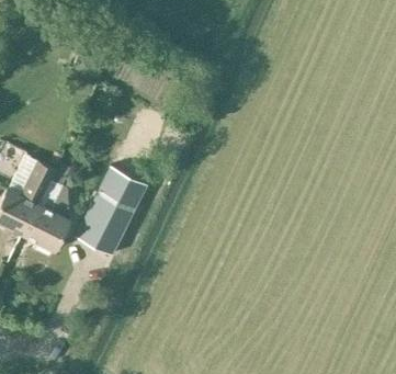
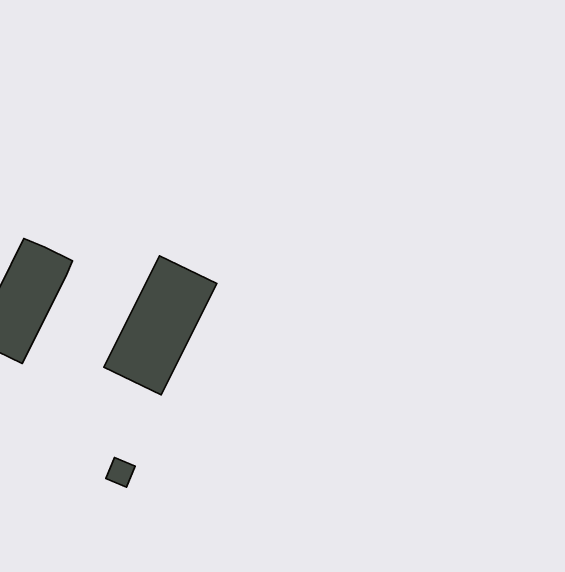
building: [22,166,69,253] -> none

